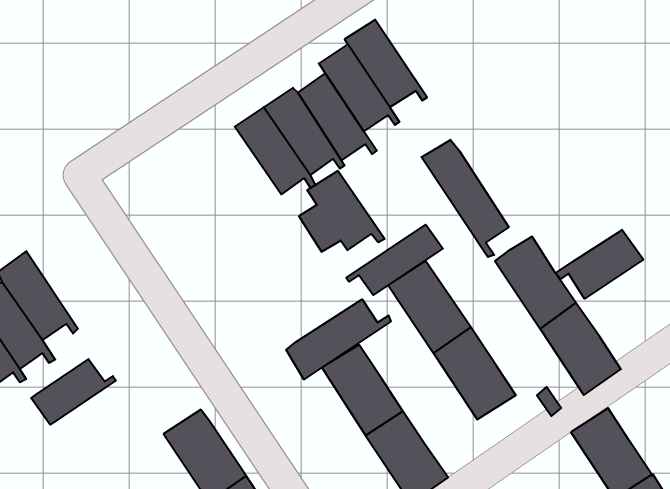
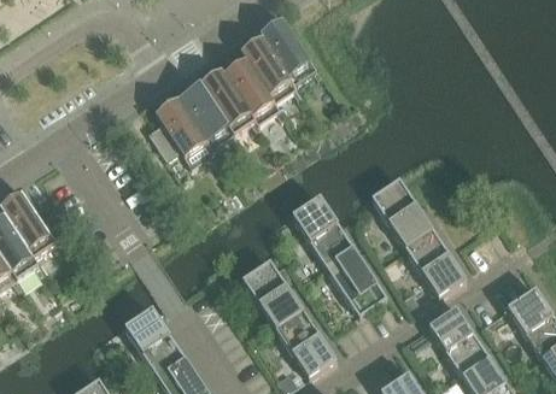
building: [421,140,509,257] -> none
building: [299,171,385,252] -> [148,95,212,155]
building: [346,225,443,295] -> none
building: [555,230,643,299] -> none
building: [286,299,391,380] -> none
building: [31,359,116,425] -> none

